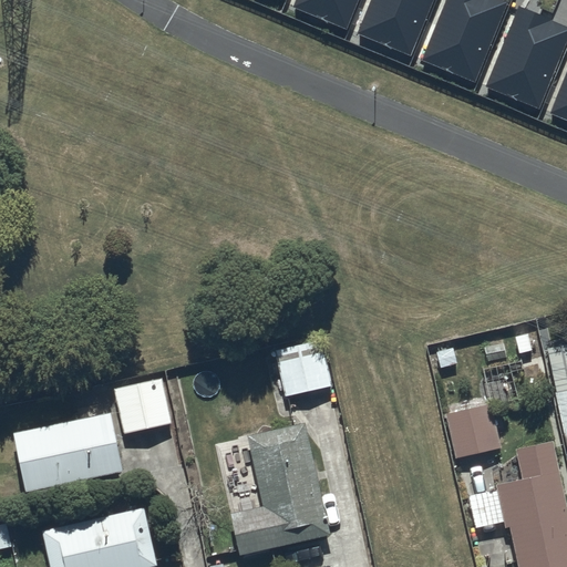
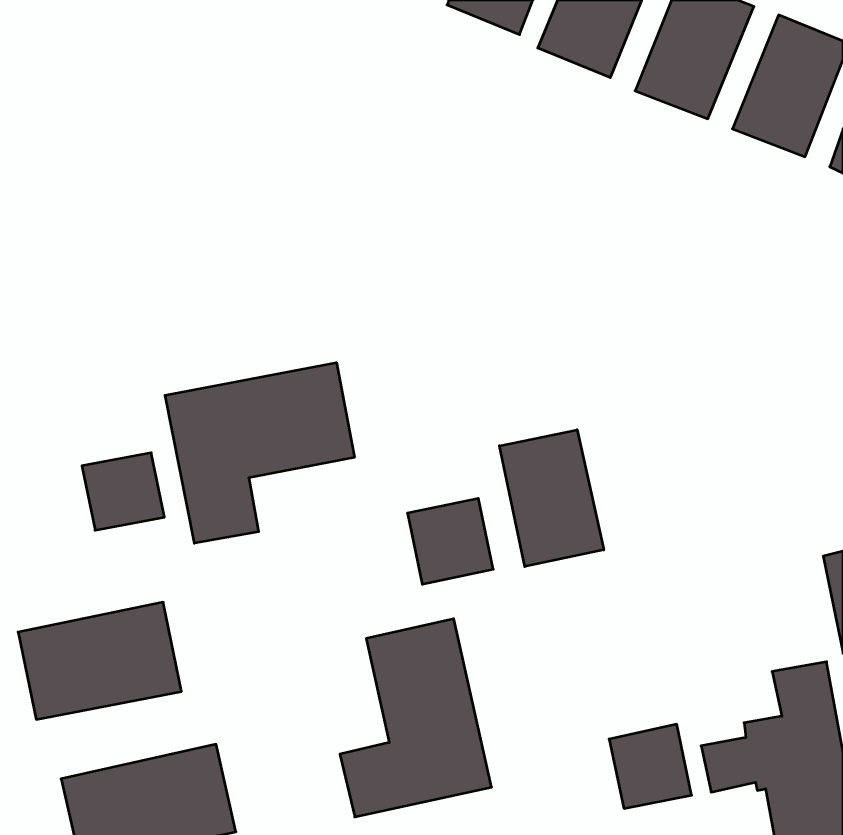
building: none -> [165,363,354,543]
building: none -> [499,430,604,567]
building: [115,380,171,432] -> [82,453,164,530]
building: [446,403,502,460] -> [609,724,692,808]

